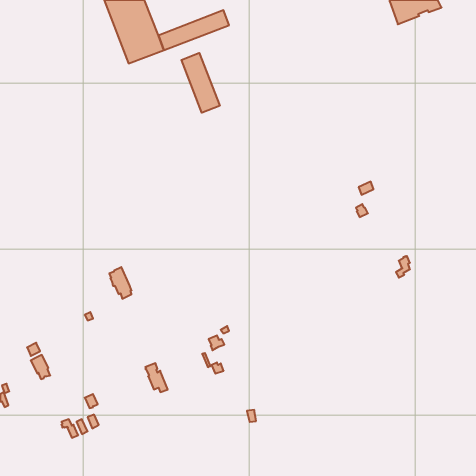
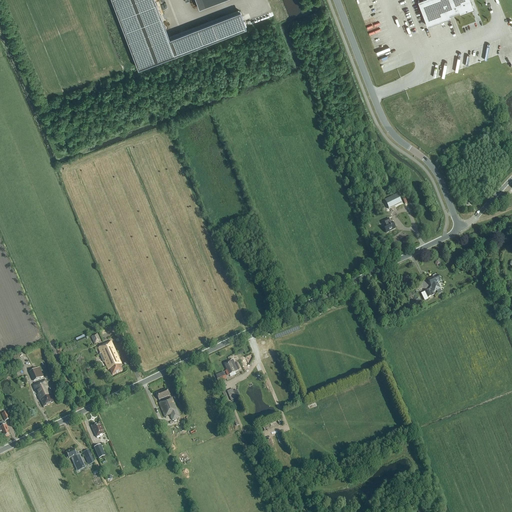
building: [181,53,220,113] -> none
building: [109,267,132,299] -> [98,342,122,376]

